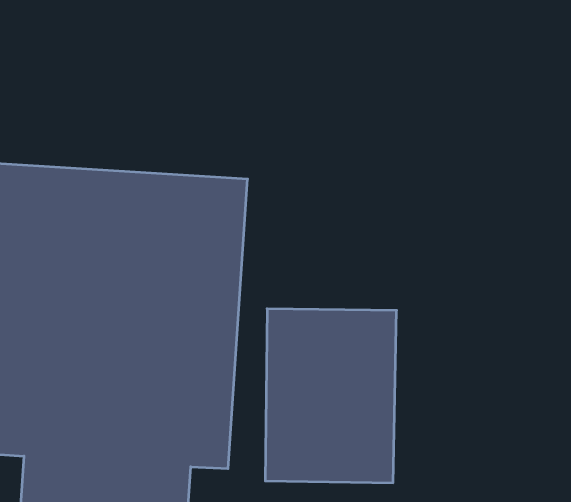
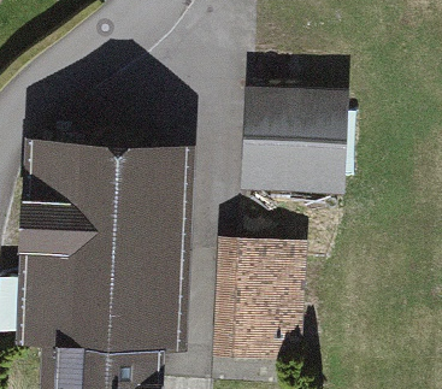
building: none -> [238,86,344,190]

